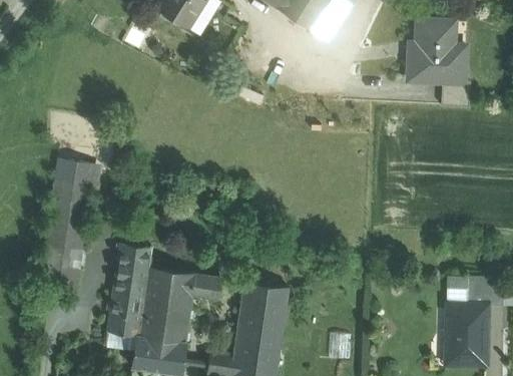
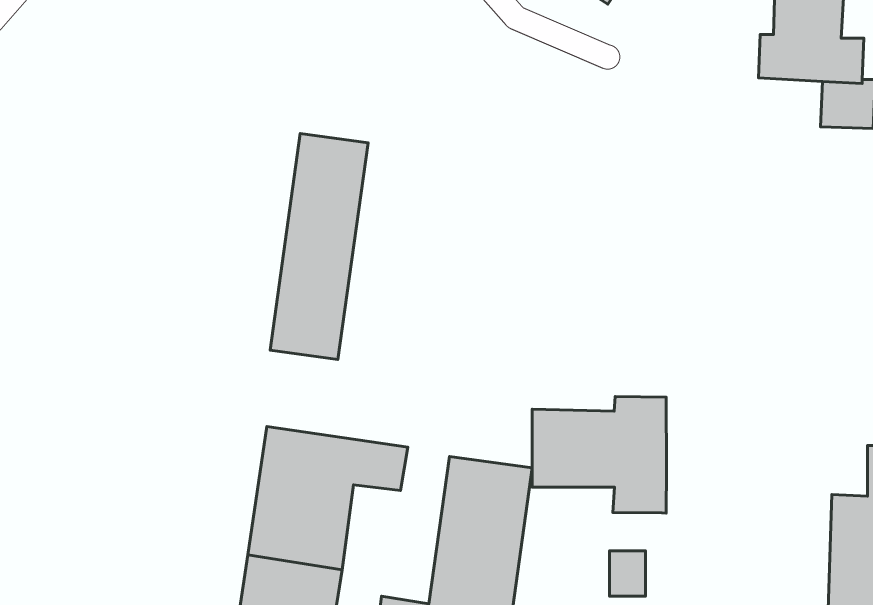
building: [41,159,93,280] -> [270,133,368,360]
building: [107,243,148,334] -> none
building: none -> [532,397,666,513]

